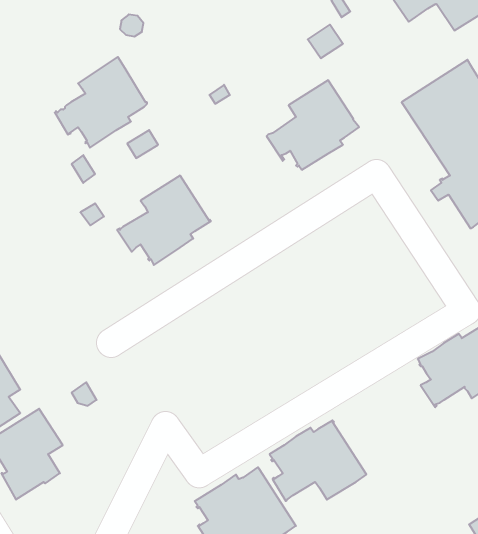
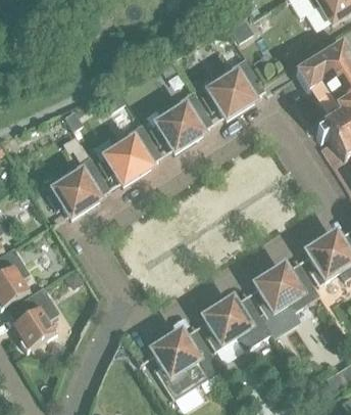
building: [55,57,147,148] -> [149,91,213,154]
building: none -> [46,157,110,220]
building: none -> [255,263,319,318]

